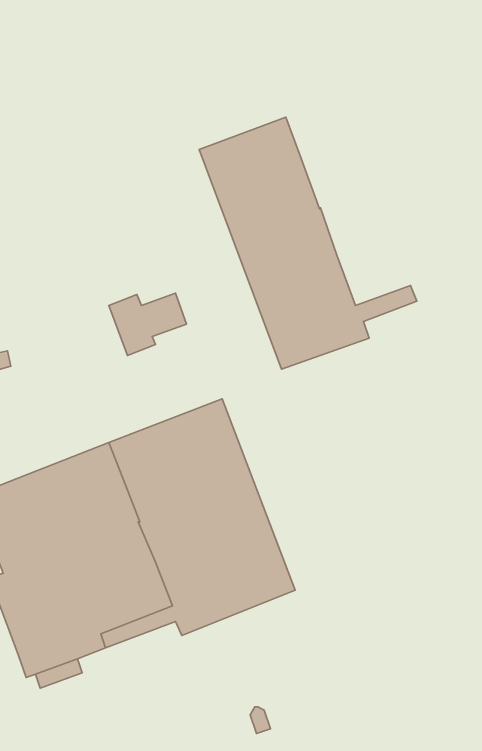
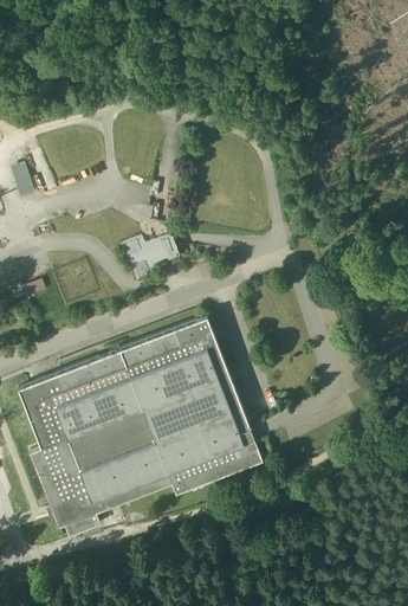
building: [199,117,417,369] -> none

